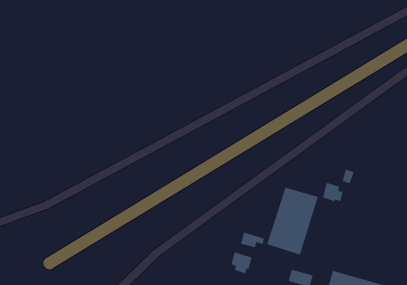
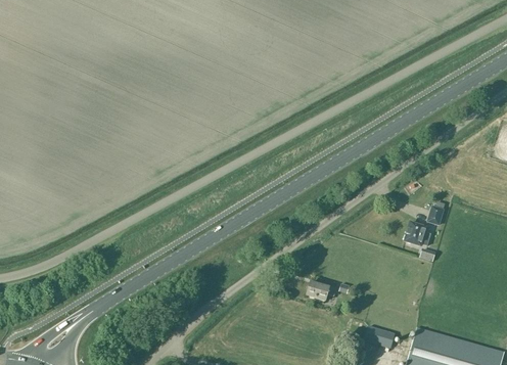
building: [266,187,319,255] -> none
building: [231,252,252,274] -> none

